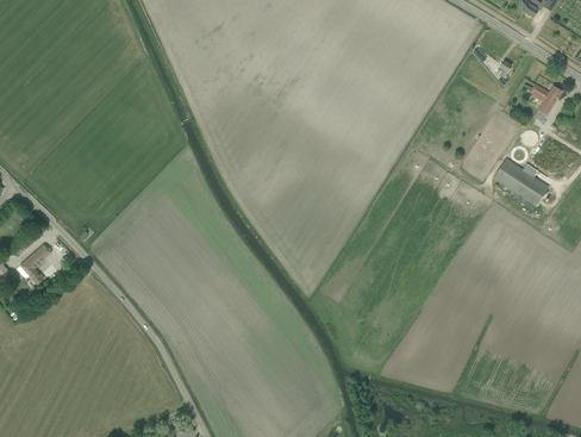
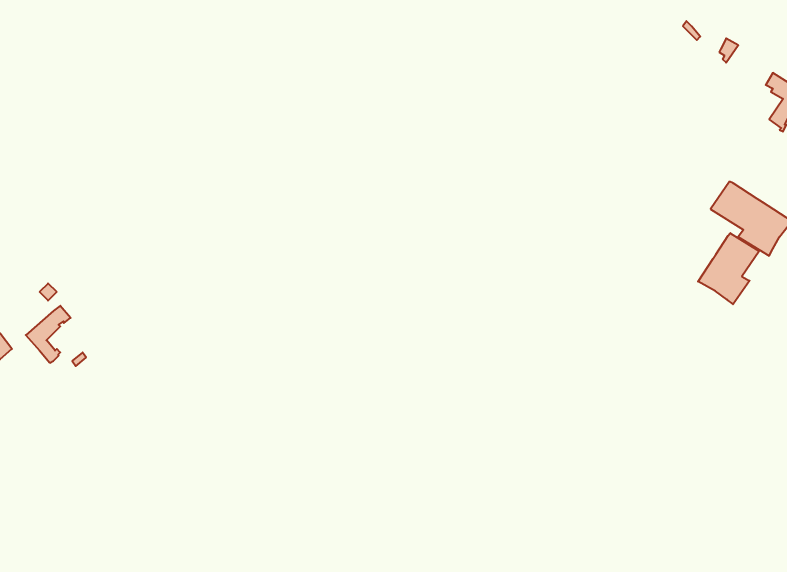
building: none -> [698,233,759,304]

